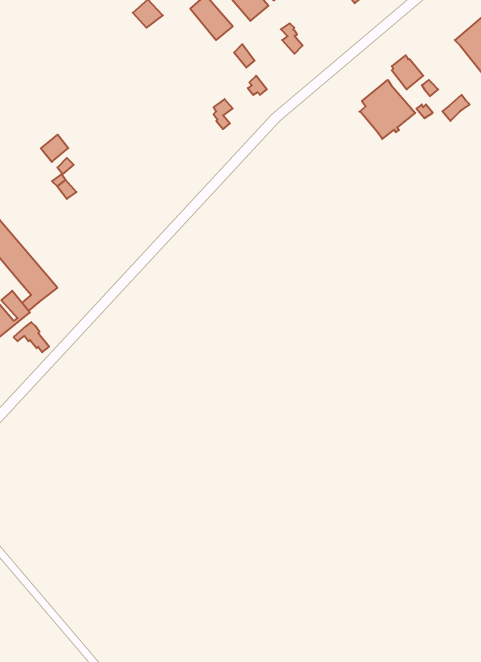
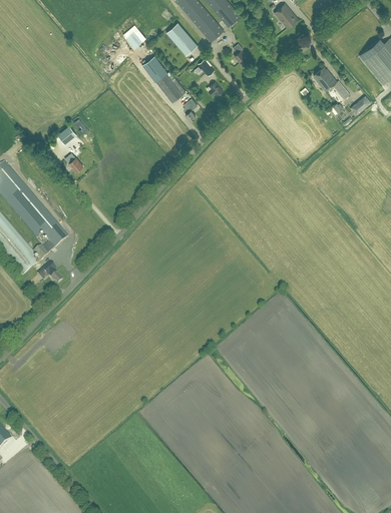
building: none -> [141,56,182,102]
building: [359,80,415,139] -> none

